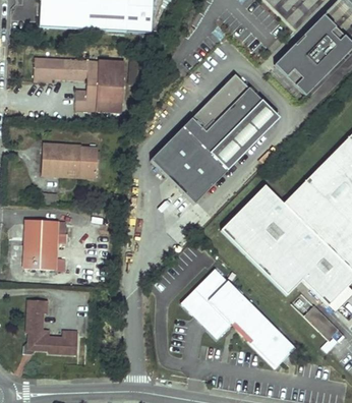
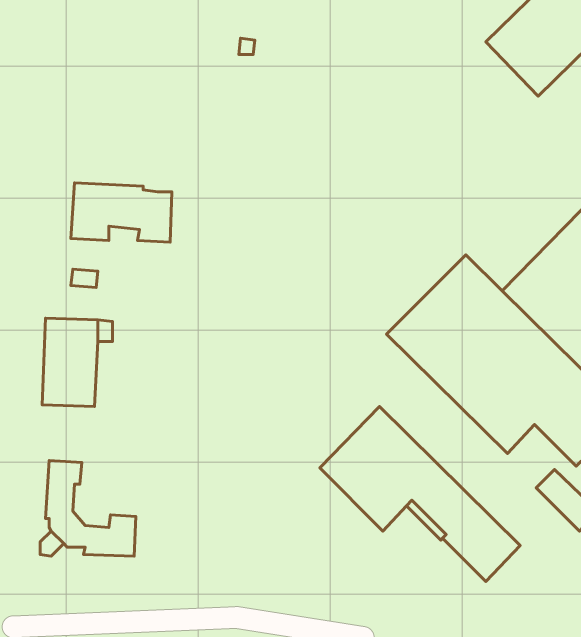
building: [35,56,125,112] -> none
building: [150,73,280,203] -> none

